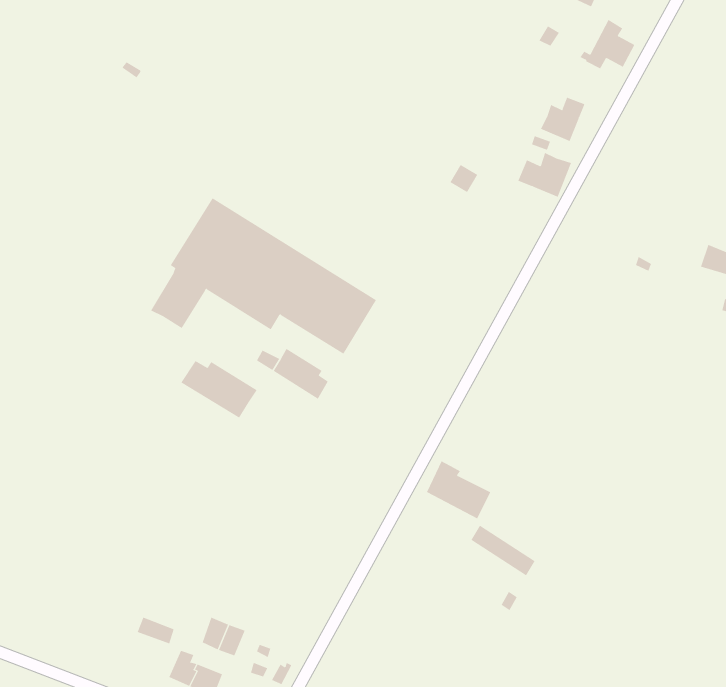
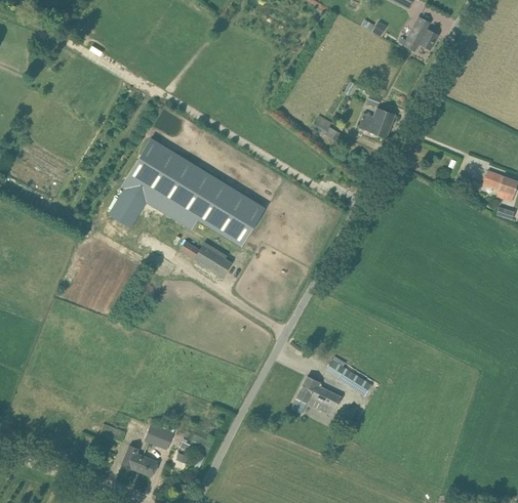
building: [540,97,585,142] -> none
building: [180,360,258,419] -> none
building: [426,460,491,519] -> [296,376,341,416]

